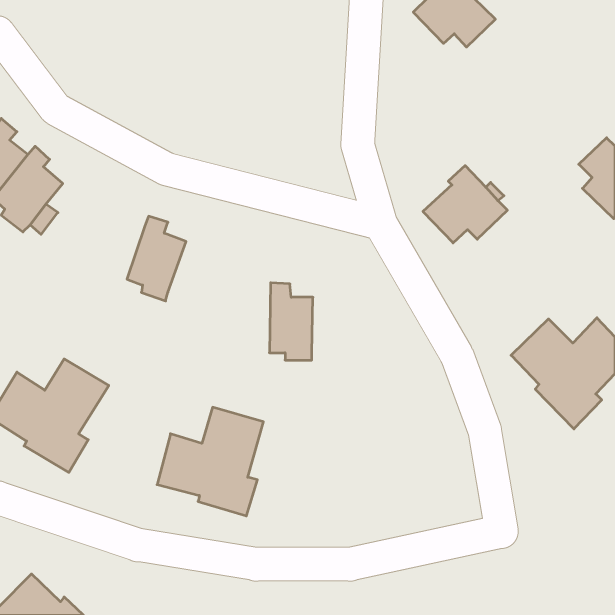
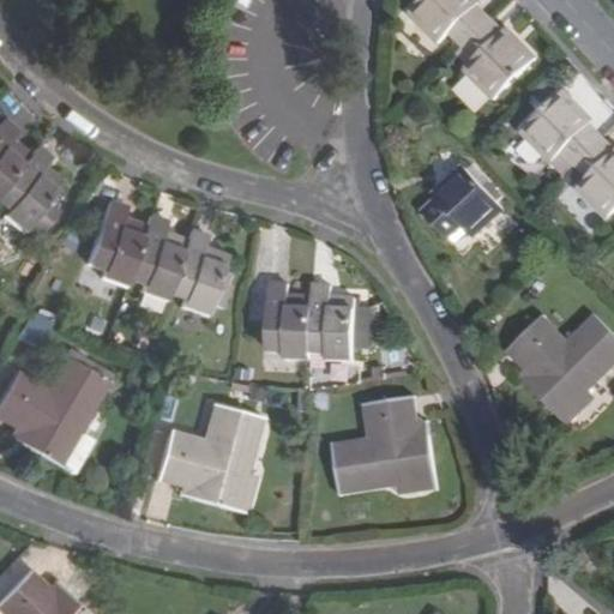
building: none -> [456,19,536,97]
building: none -> [522,91,602,163]
building: none -> [84,200,144,283]
building: none -> [167,228,227,313]
building: none -> [309,282,357,359]
building: none -> [332,397,435,494]

